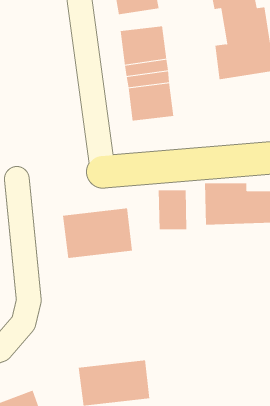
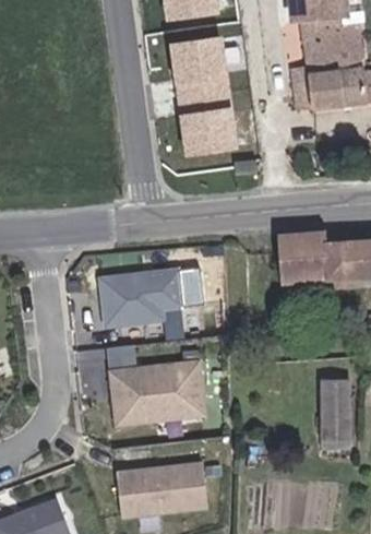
building: [158,189,187,230] -> none
building: none -> [106,358,206,429]
building: none -> [320,382,349,441]

